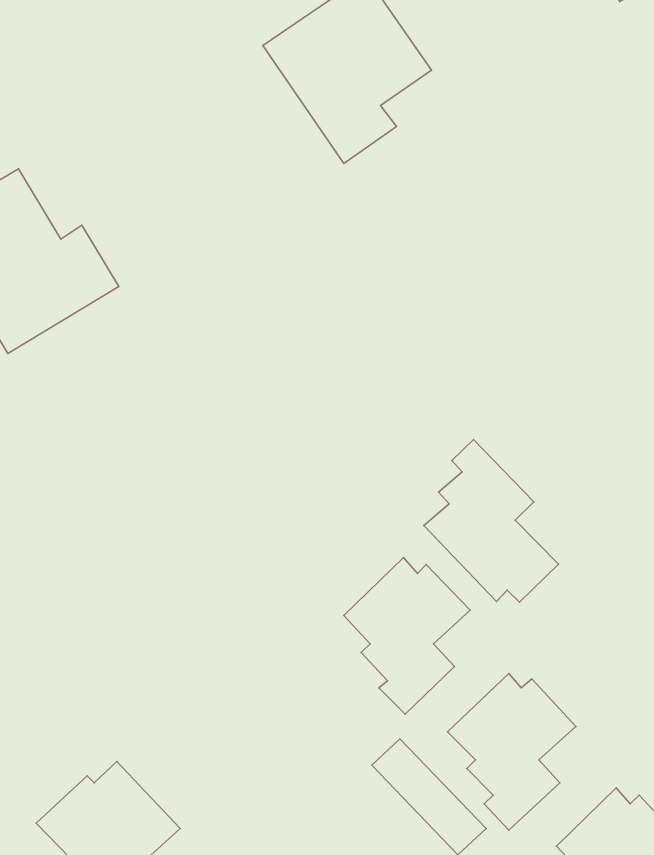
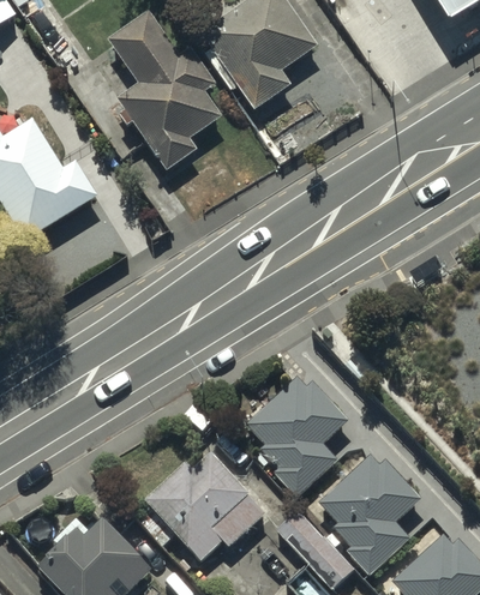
building: none -> [108,12,235,172]
building: [424,439,558,602] -> none
building: none -> [149,457,256,551]

